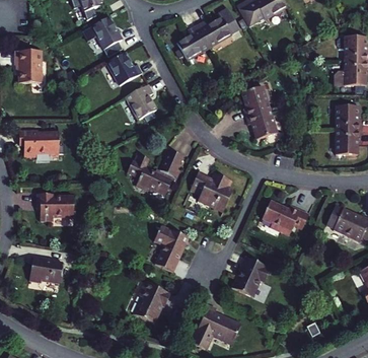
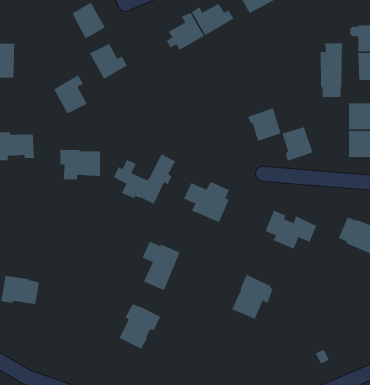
building: none -> [320,42,343,98]
building: [126,84,156,120] -> [53,74,88,115]
building: [241,86,270,118] -> [281,126,314,162]
building: [36,195,73,222] -> [59,149,101,180]
building: [192,305,240,345] -> none

